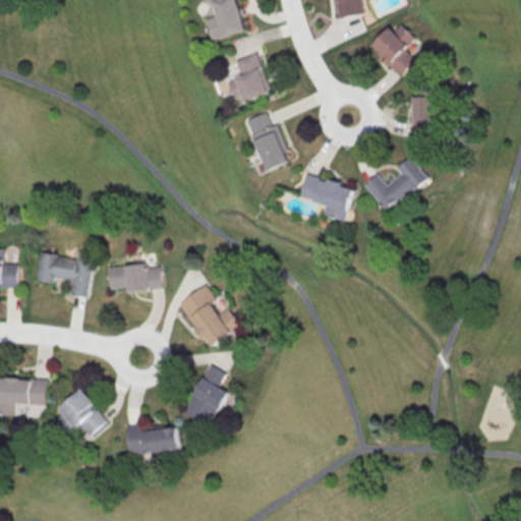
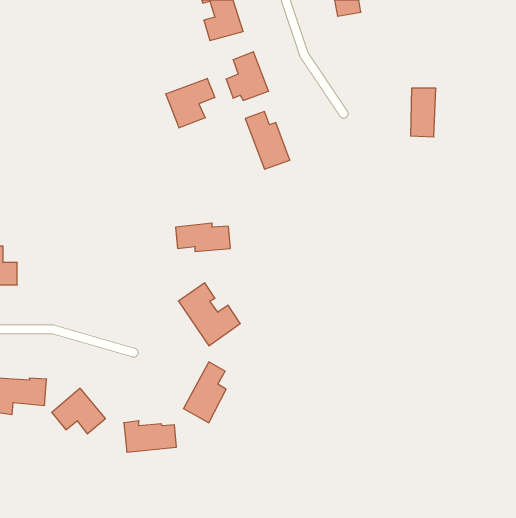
building: [370,23,416,74] -> none
building: none -> [166,78,215,128]
building: [364,156,427,211] -> none
building: [300,174,354,220] -> none
building: [36,252,93,297] -> none
building: [108,263,163,291] -> [176,223,230,252]

